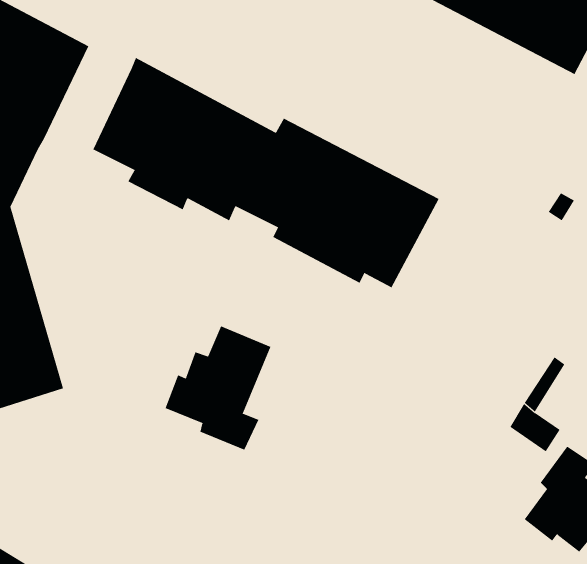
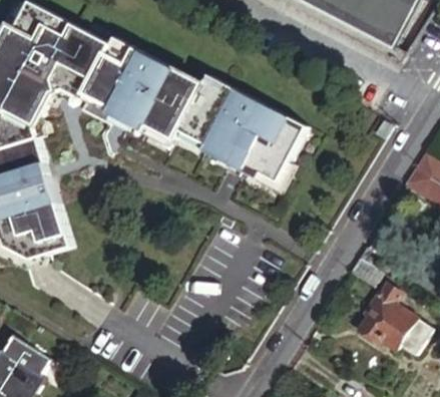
building: none -> [52,30,110,101]
building: [165,326,271,451] -> none

